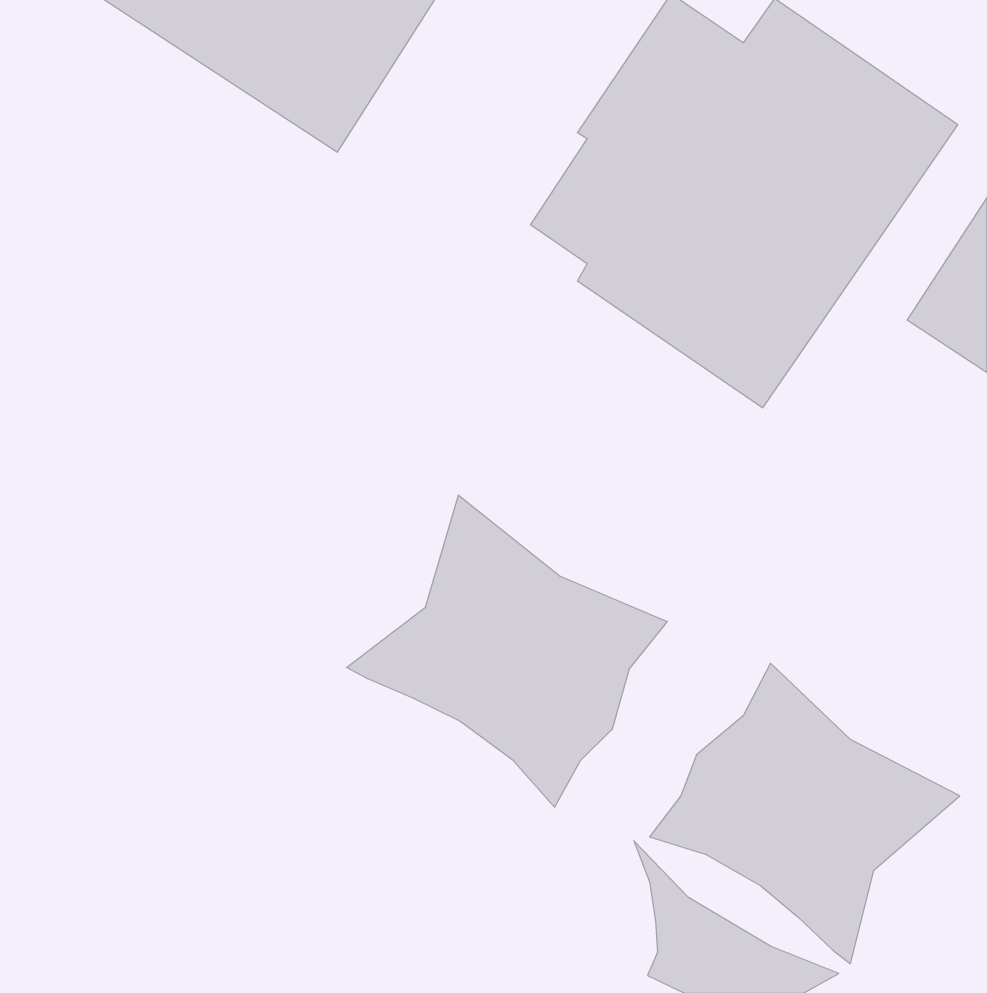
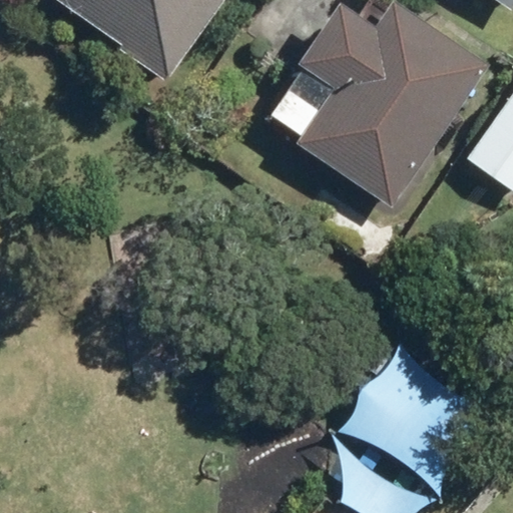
building: [346,495,667,807] -> none

